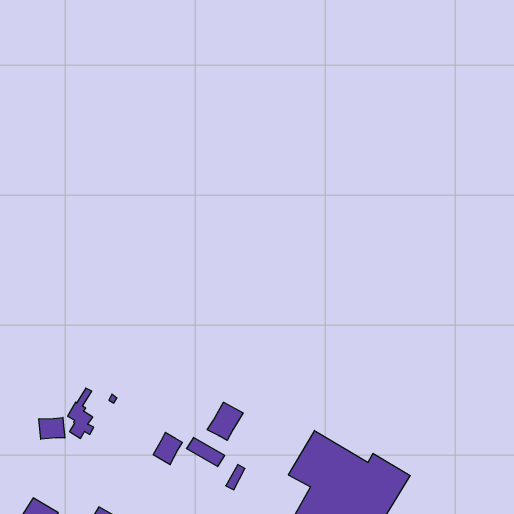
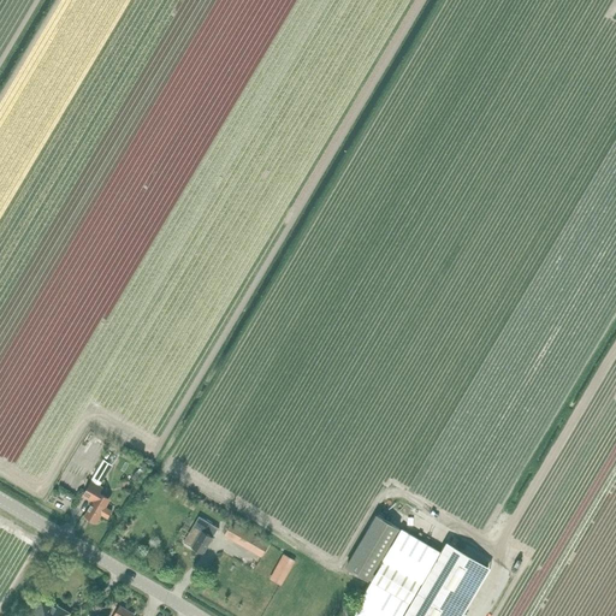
building: [207,402,243,440] -> none
building: [39,417,65,439] -> none

